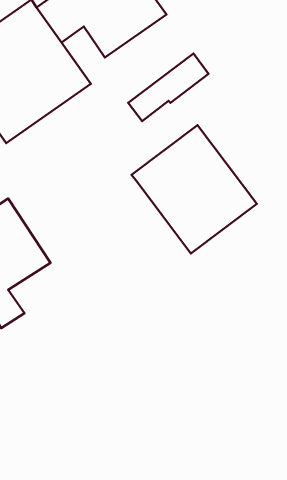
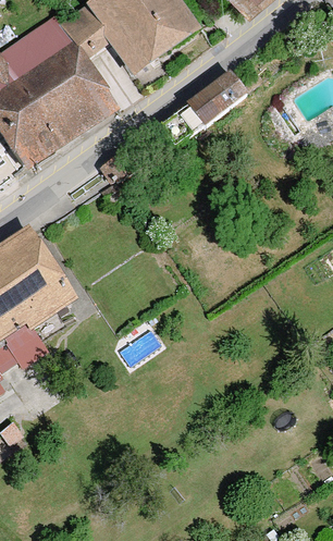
building: [131,125,257,254] -> none

